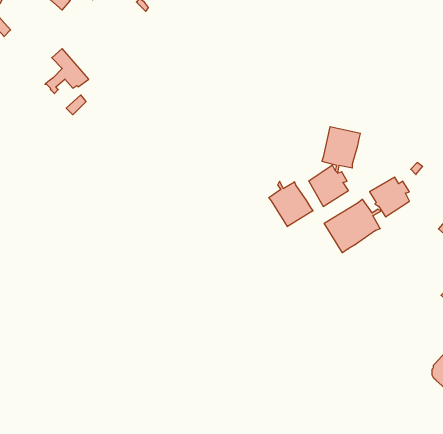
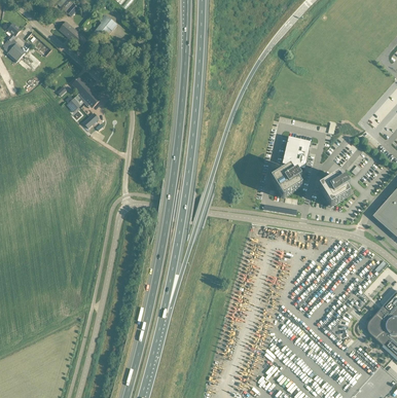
building: [269,181,313,227] -> none
building: [324,199,382,253] -> none

